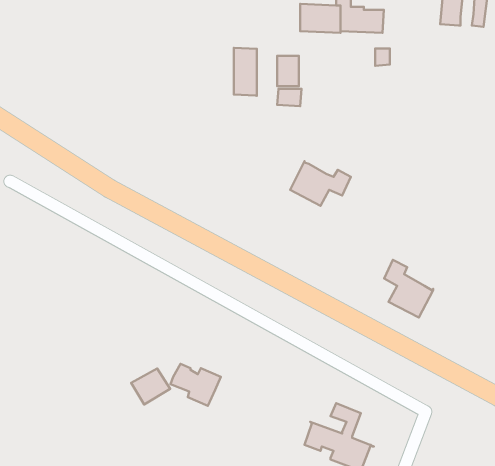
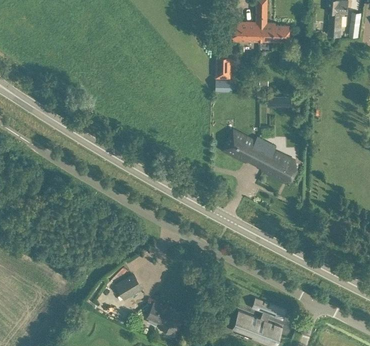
building: [234,48,257,96] -> none
building: [384,260,433,318] -> [261,142,295,182]
building: [170,364,221,406] -> [148,305,183,334]

